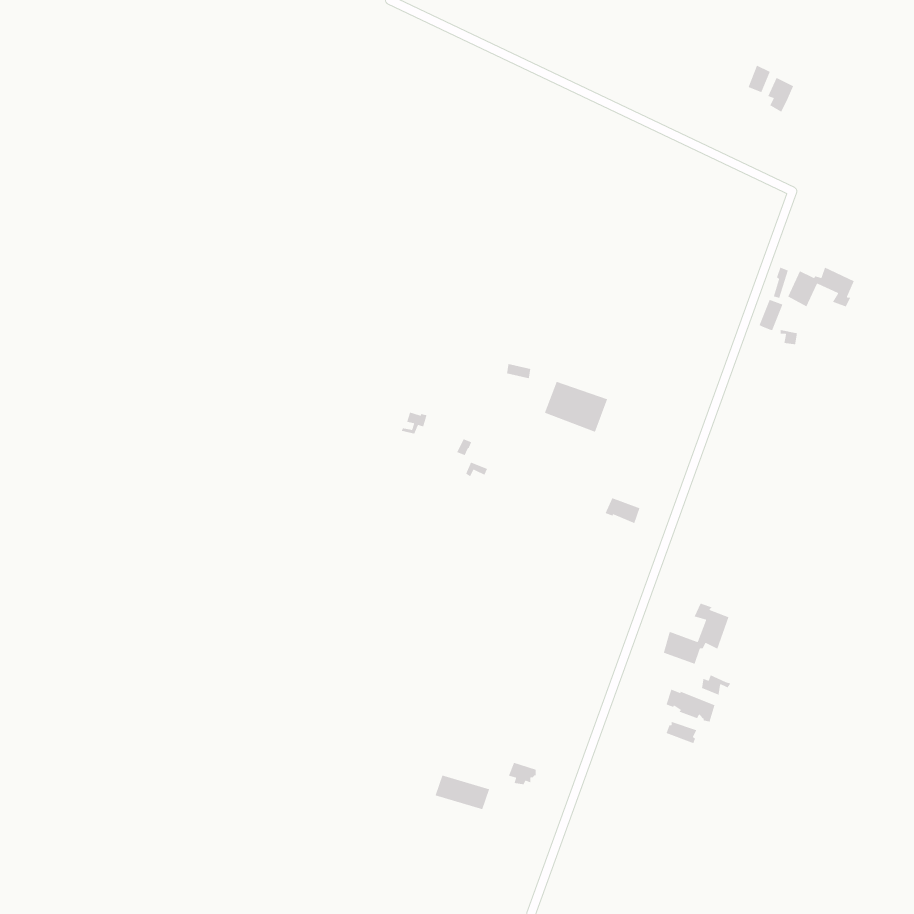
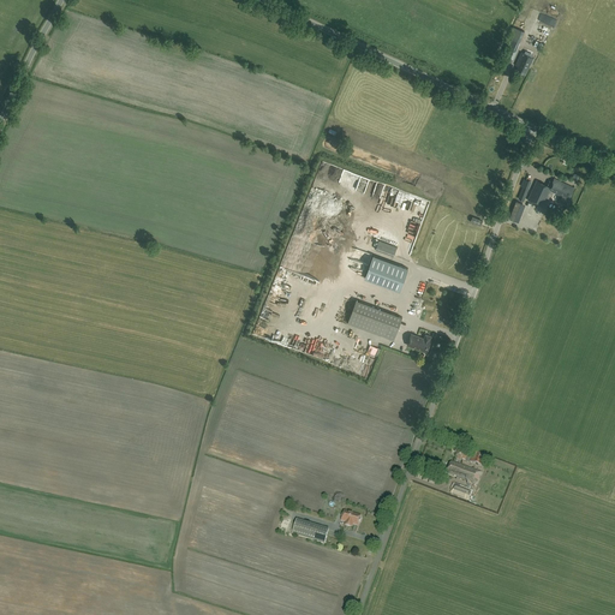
building: none -> [347,300,401,340]
building: [663,603,730,665] -> none

